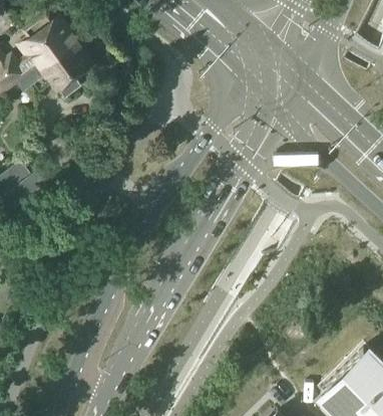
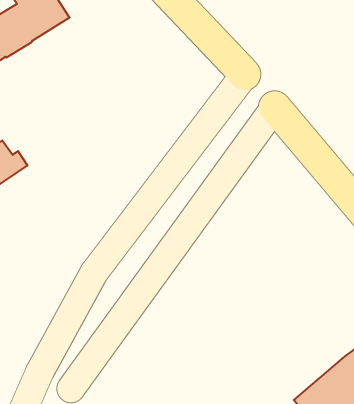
building: [16,40,90,98] -> none

